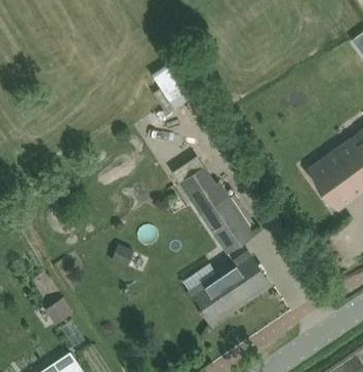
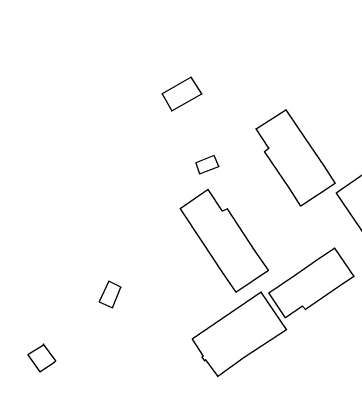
building: none -> [256,110,335,206]
building: none -> [269,248,354,318]

